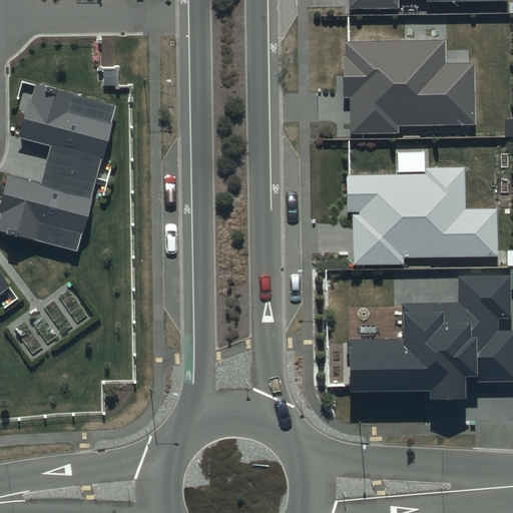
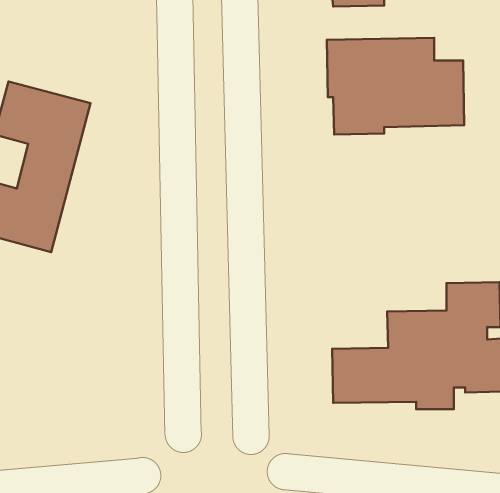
building: [347,167,497,265] -> none

